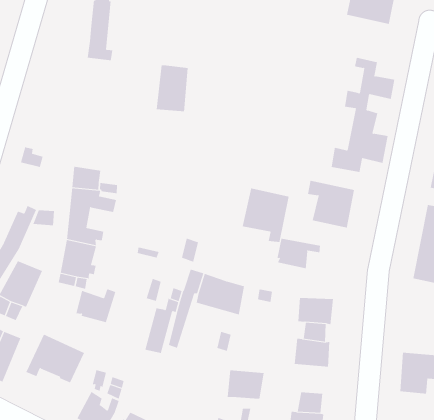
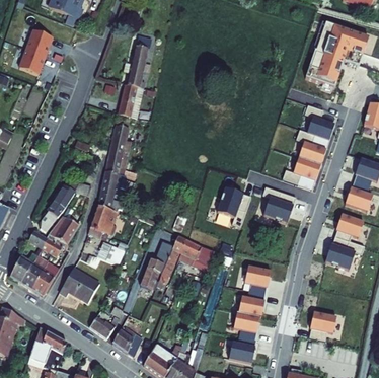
building: [156,65,188,112] -> [118,84,143,118]
building: none -> [108,124,131,161]
building: [277,238,321,269] -> none
building: [227,370,264,399] -> [236,308,263,330]

